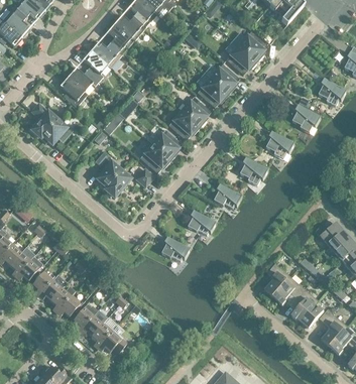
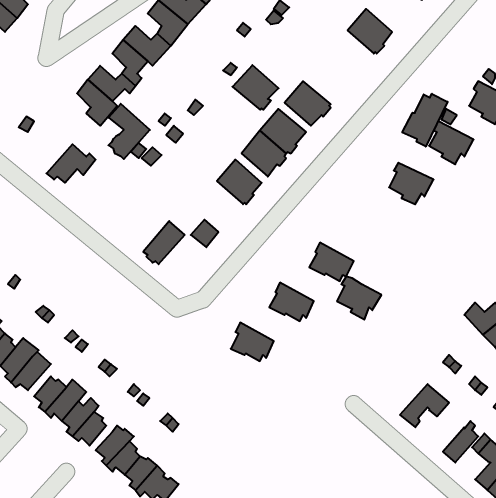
building: [225,45,255,76] -> none
building: [209,65,239,94] -> [232,65,279,110]
building: none -> [402,94,448,147]
building: [30,103,57,139] -> [108,104,150,159]
building: [139,144,169,173] -> none
building: [96,156,121,190] -> none
building: [239,158,268,186] -> [337,276,381,320]
building: [264,263,290,297] -> none
building: [291,289,319,322] -> none

